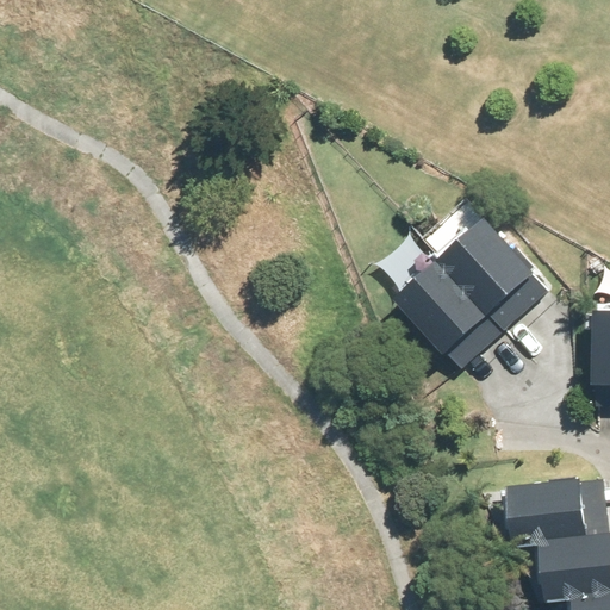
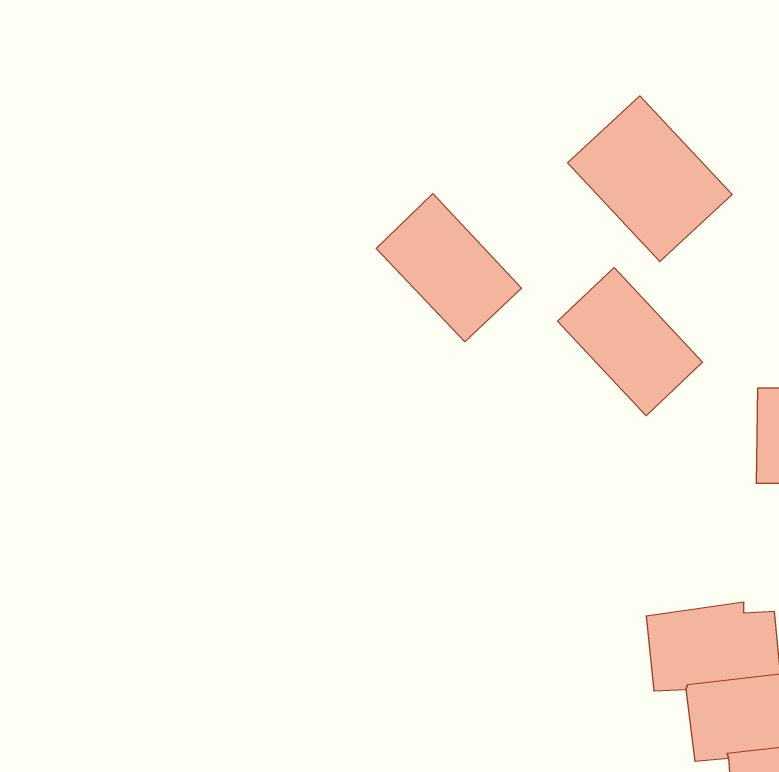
building: none -> [568,96,732,262]
building: [392,257,505,373] -> [376,194,521,342]

